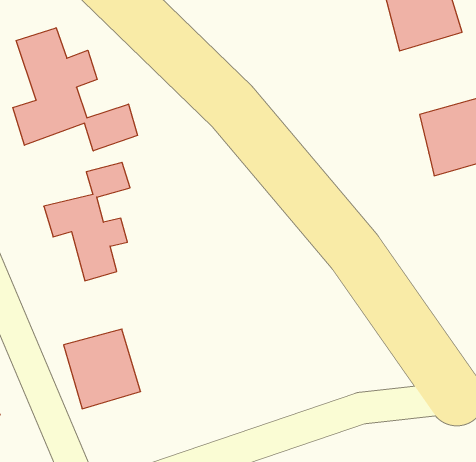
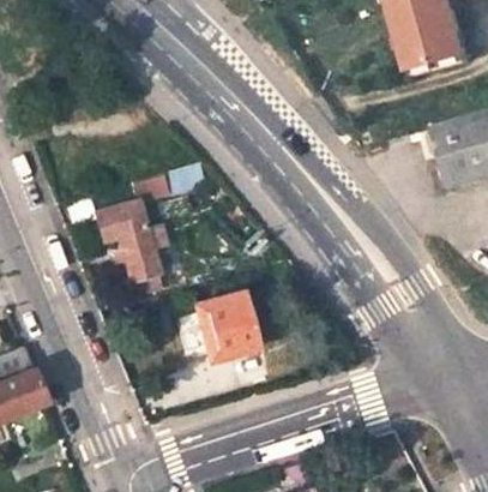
building: [13,28,138,151] -> none
building: [64,329,141,409] -> [188,287,258,359]

